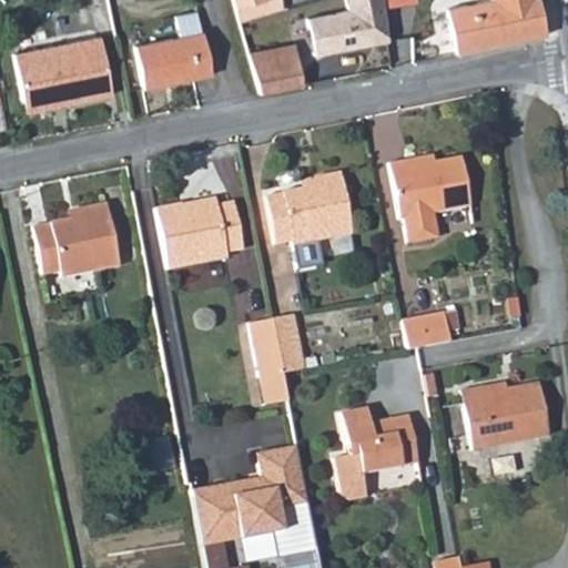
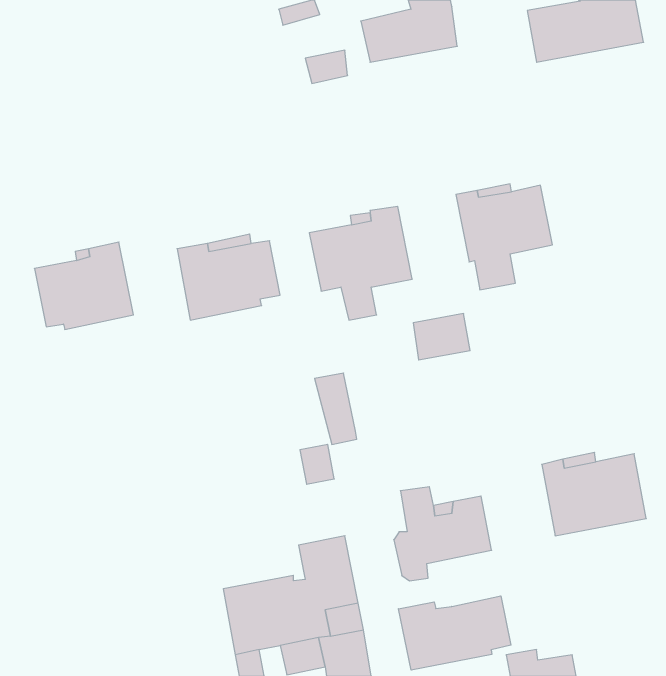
building: [139,11,213,88] -> none
building: [20,37,114,110] -> none
building: [252,49,305,93] -> none
building: [404,311,452,349] -> [413,314,470,360]
building: [250,317,283,377] -> none
building: none -> [398,596,511,670]

